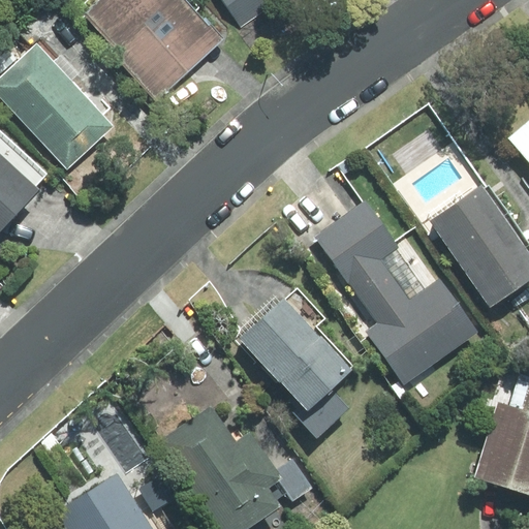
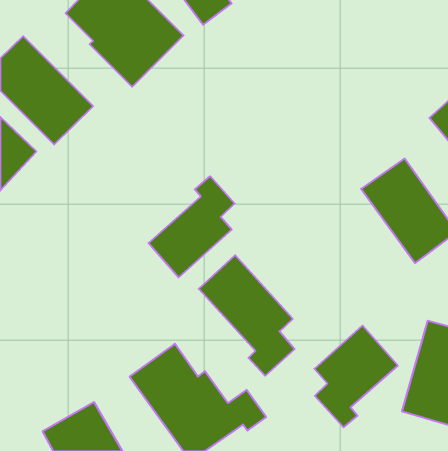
building: [319,204,478,383] -> none
building: none -> [148,176,235,277]
building: none -> [314,326,398,427]

